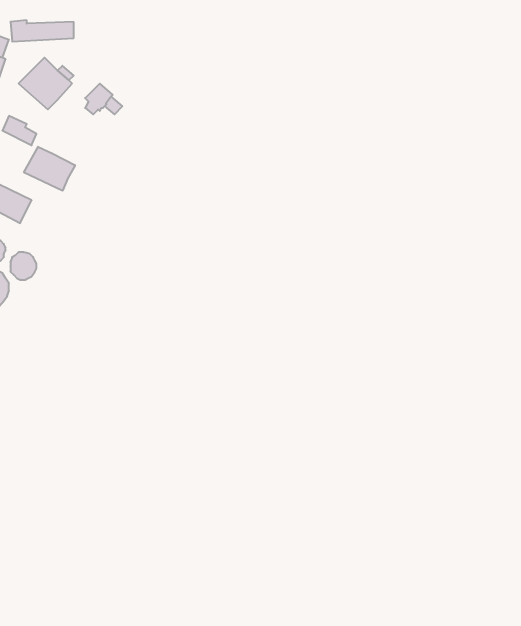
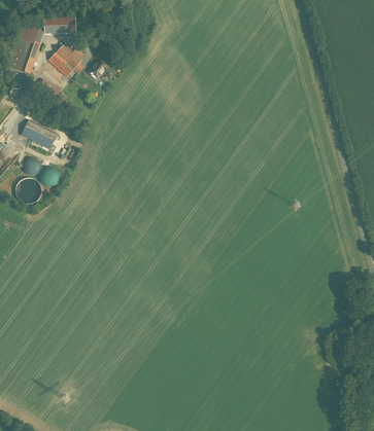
building: [24,147,75,191] -> none

